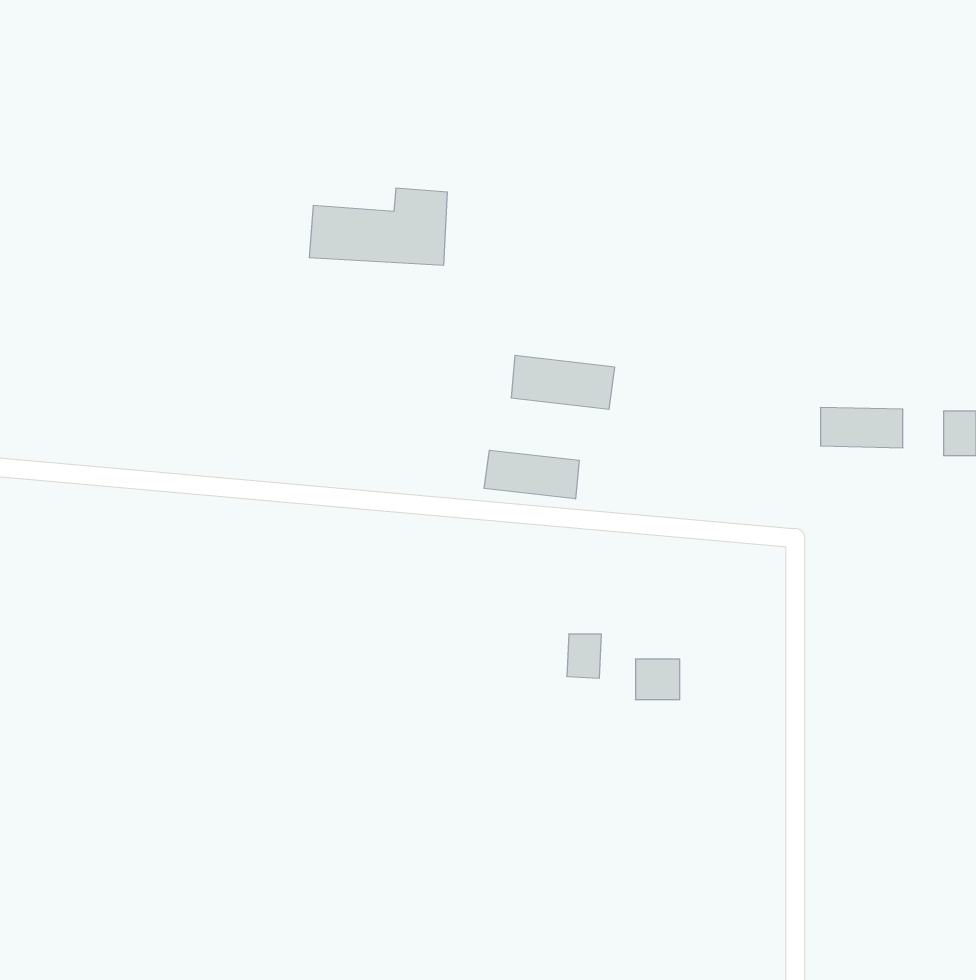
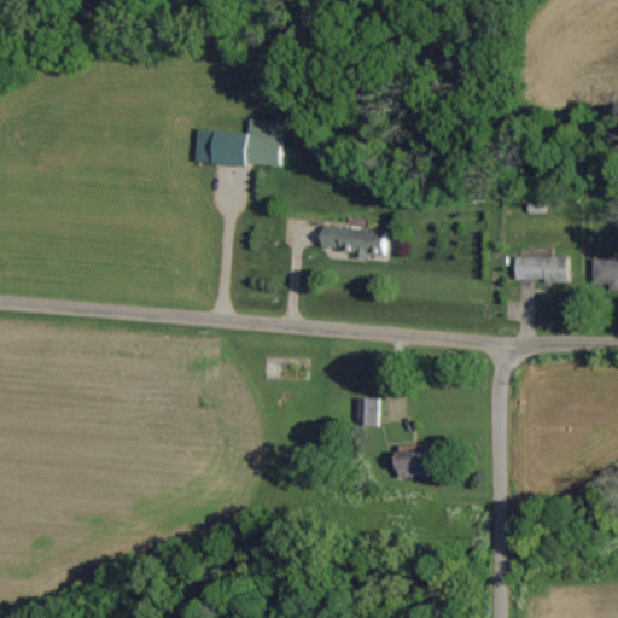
building: [484,450,579,499] -> none
building: [635,659,680,700] -> [398,451,426,477]

